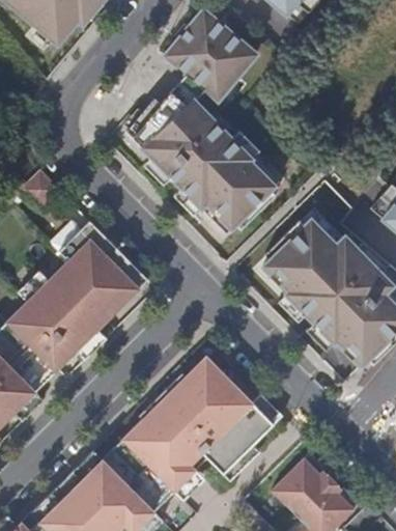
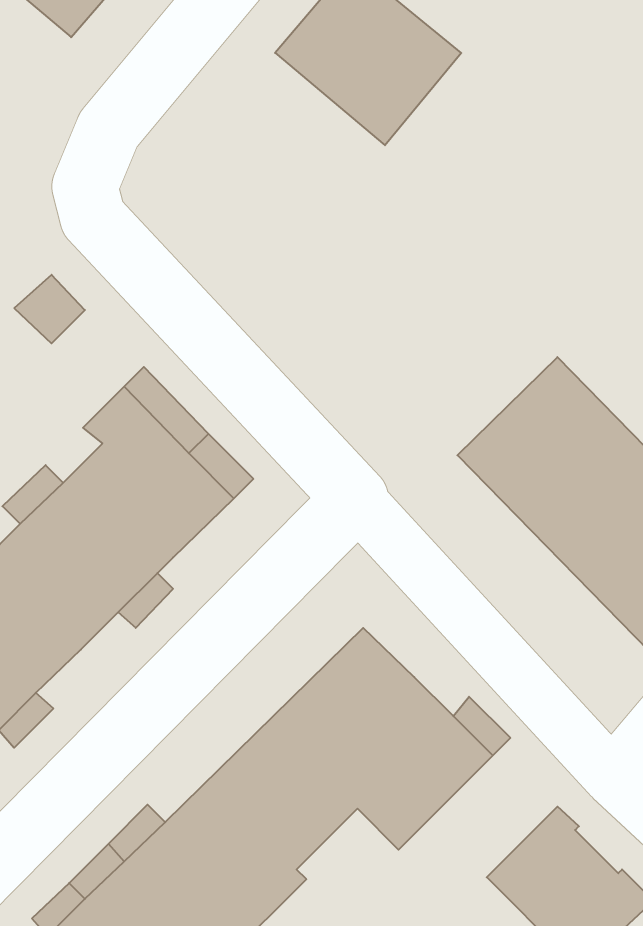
building: [139,96,275,233] -> none

